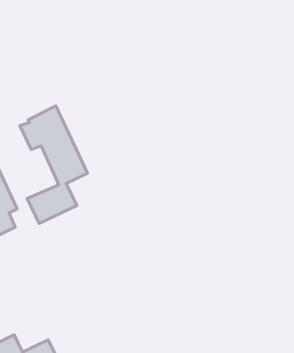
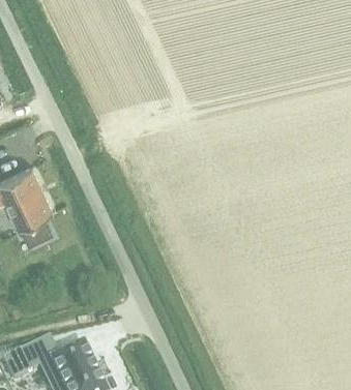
building: [20,106,87,224] -> none

